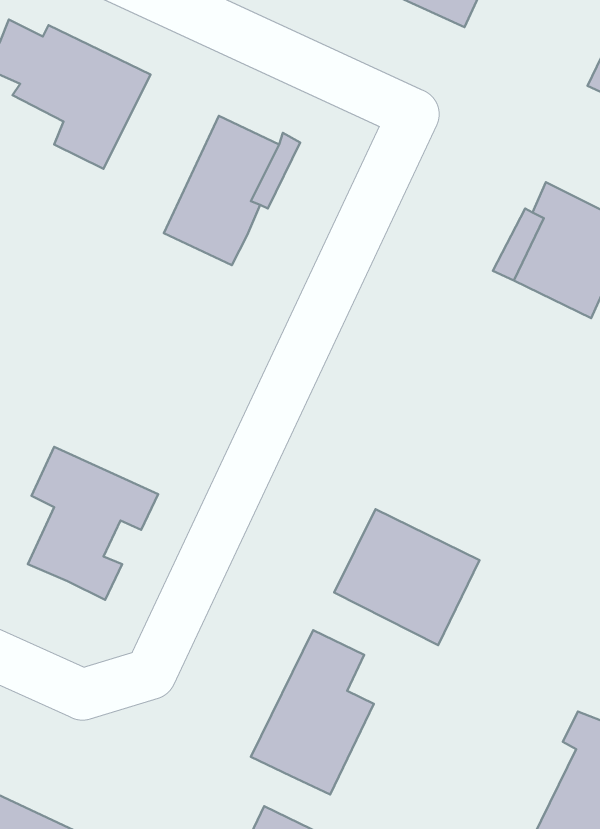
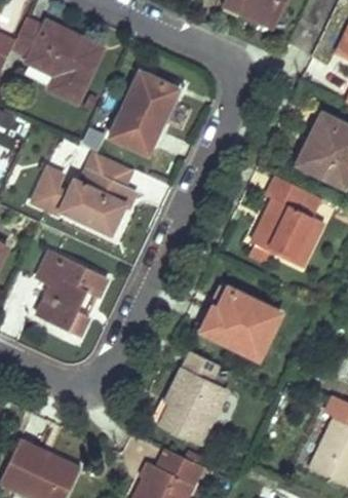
building: none -> [32,151,133,232]
building: none -> [252,175,324,267]

